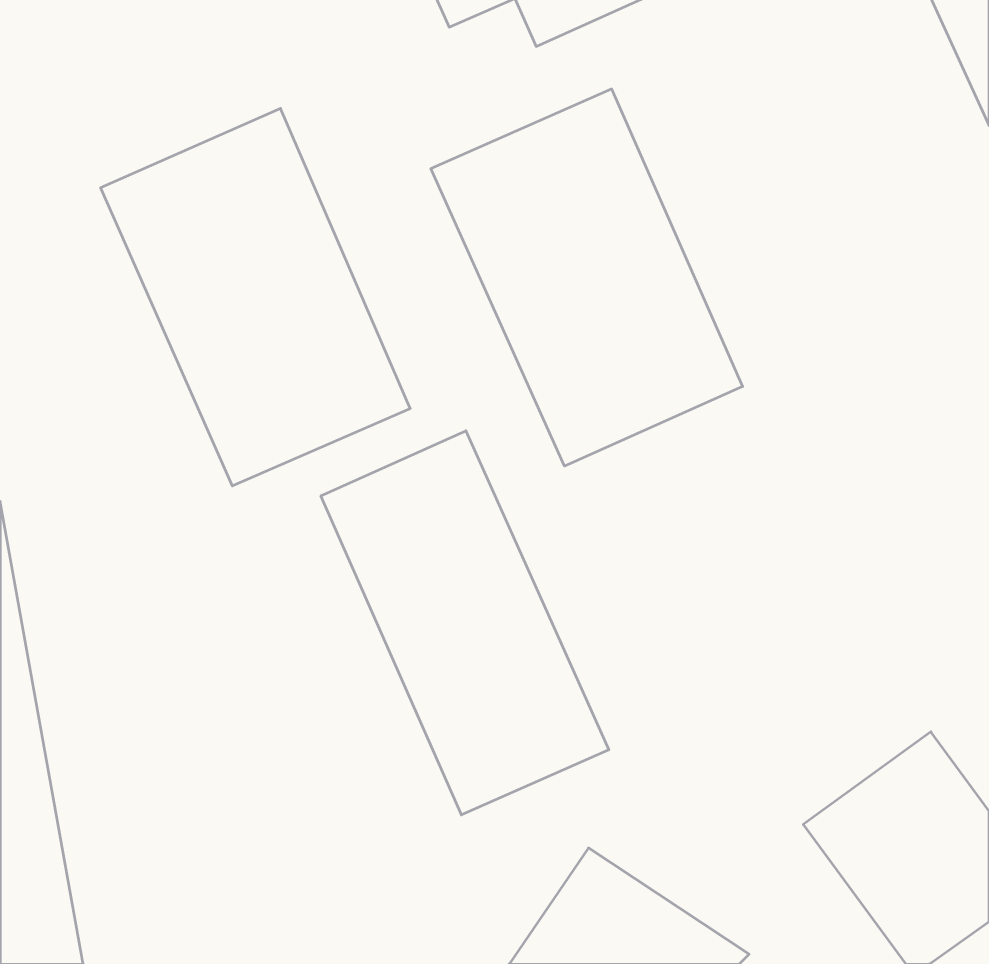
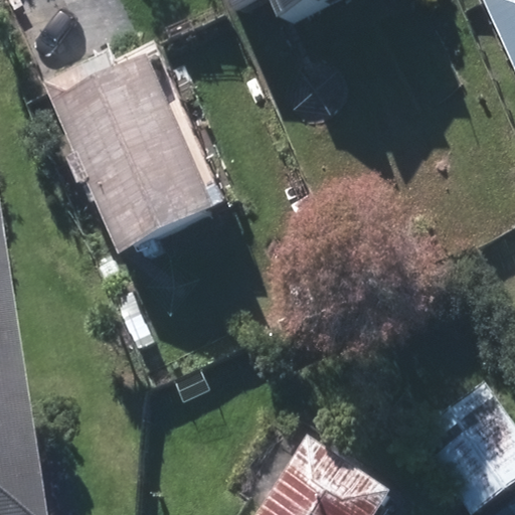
building: [431,89,743,466] -> none
building: [321,431,609,815] -> none

